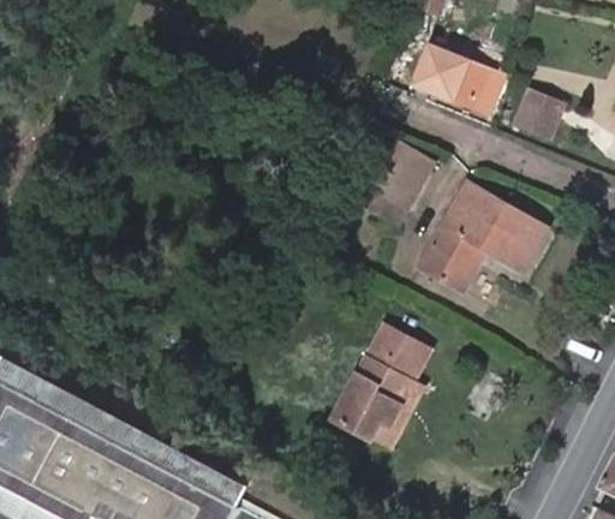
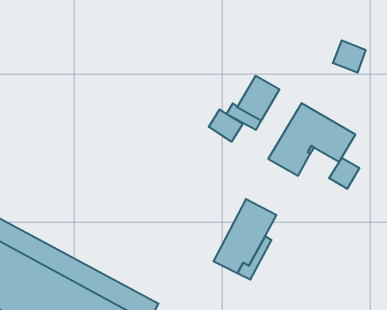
building: [411,47,498,114] -> none
building: none -> [209,109,243,142]
building: none -> [329,158,359,189]

